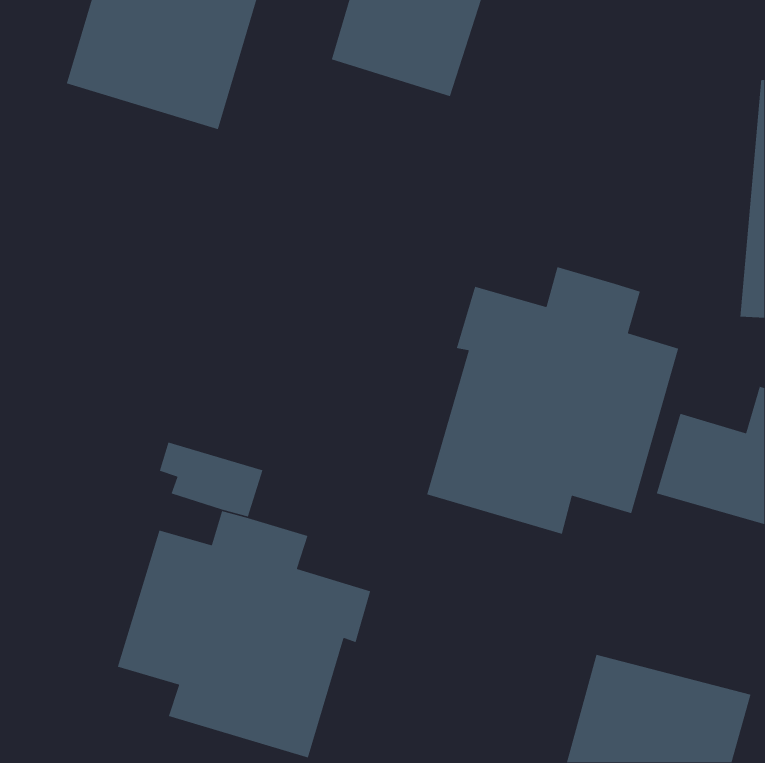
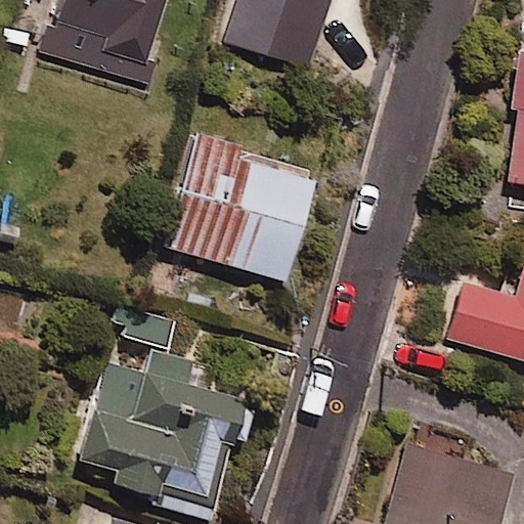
building: none -> [166,134,317,280]
building: [426,266,679,535] -> none

